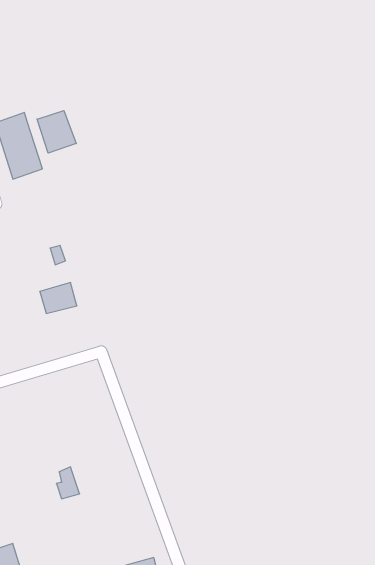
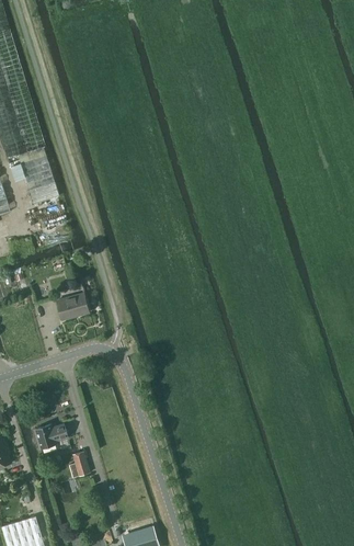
building: [37,111,76,153] -> none
building: none -> [35,424,68,450]

